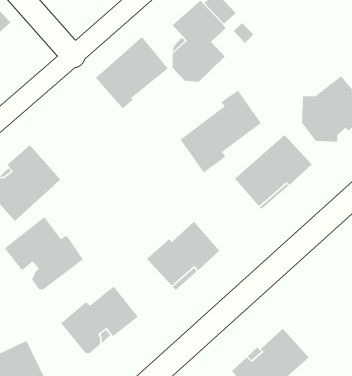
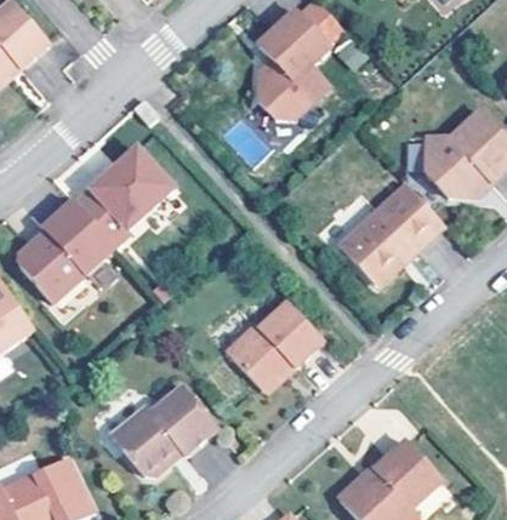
building: [95,36,169,109] -> [74,147,171,242]
building: [180,89,262,173] -> none
building: [4,216,84,290] -> none

